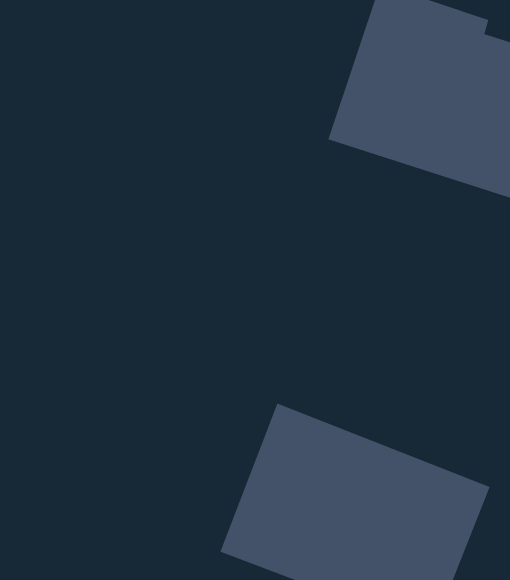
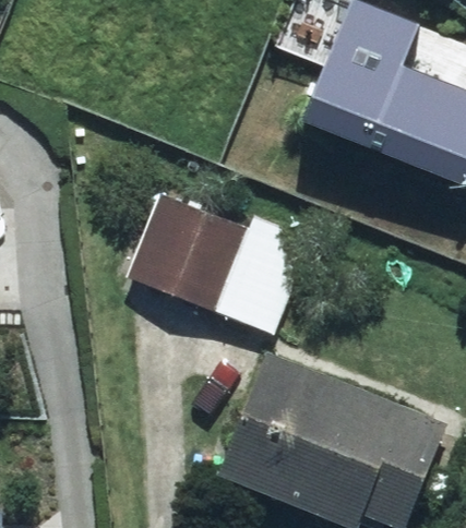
building: none -> [121,192,312,336]

